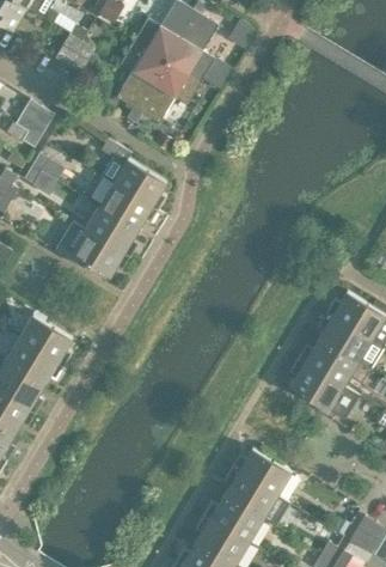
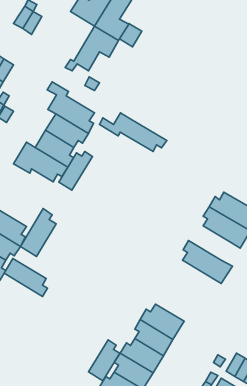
building: [116,41,166,110] -> none
building: none -> [100,113,167,152]
building: none -> [59,152,92,190]
building: none -> [20,209,56,257]
building: [296,339,356,386] -> none
building: none -> [4,258,48,296]
building: none -> [89,340,120,381]

